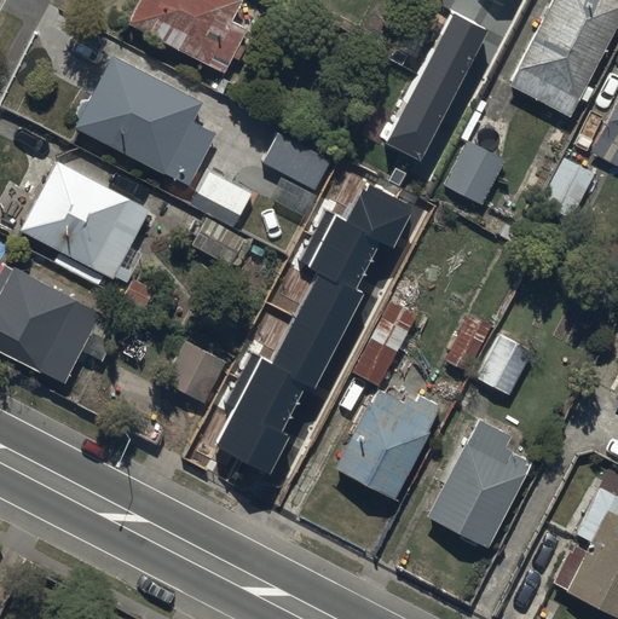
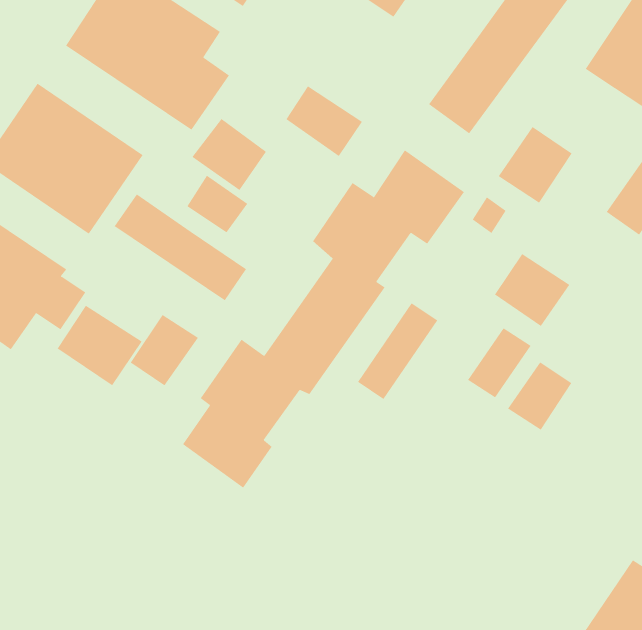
building: none -> [114,194,247,301]
building: none -> [494,253,570,327]
building: none -> [57,305,143,386]
building: [336,393,441,499] -> none
building: [427,420,532,548] -> none

